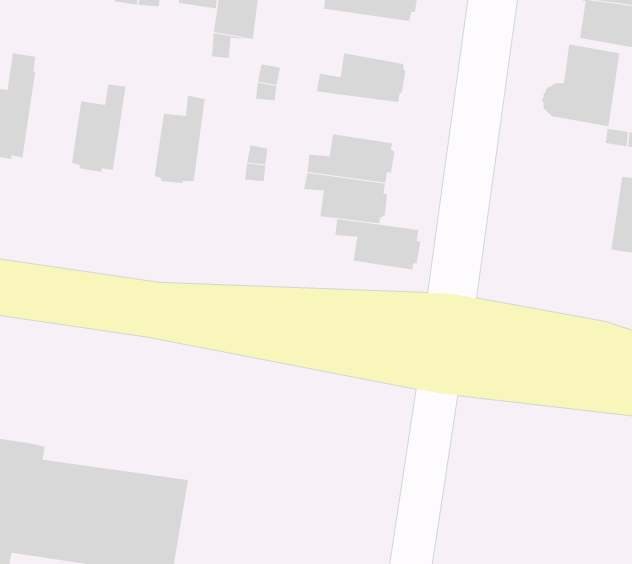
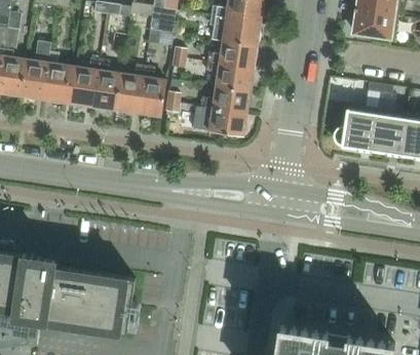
building: none -> [207,16,260,47]
building: [541,44,620,127] -> [332,105,376,151]
building: none -> [42,51,70,104]
building: none -> [92,60,120,111]
building: none -> [138,67,165,118]
building: [335,219,421,270] -> [204,63,253,91]

